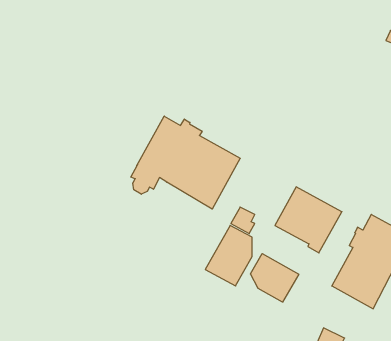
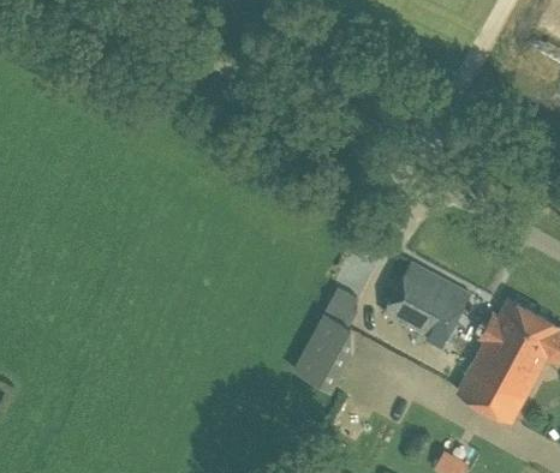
building: [131,116,240,209] -> none
building: [250,254,299,302] -> none

